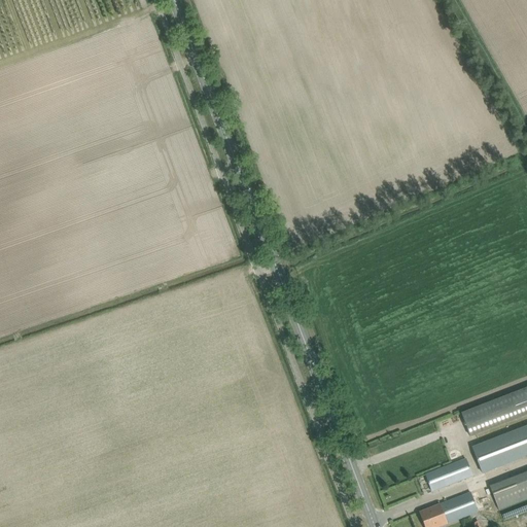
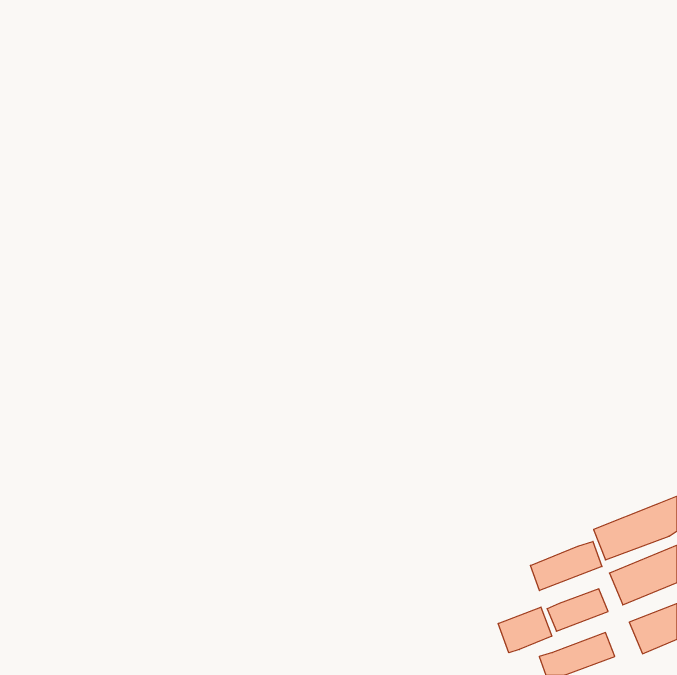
building: none -> [530,541,602,591]
building: none -> [498,607,552,653]

